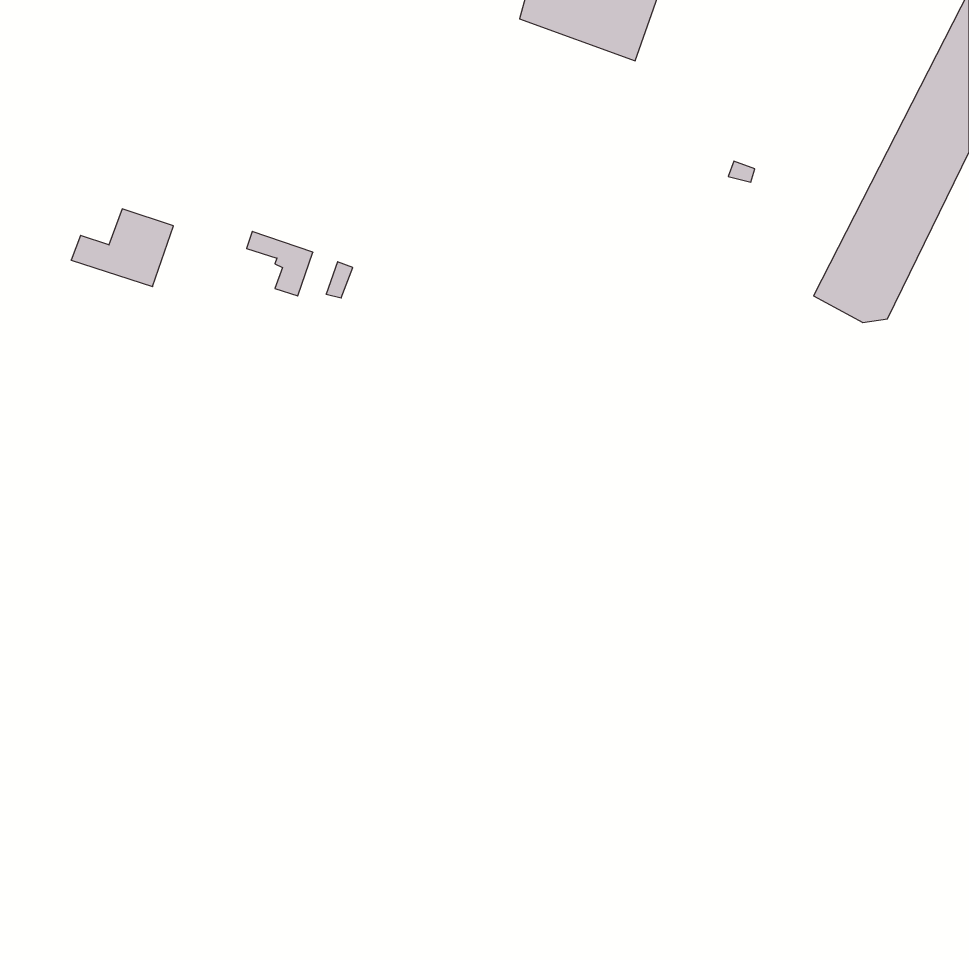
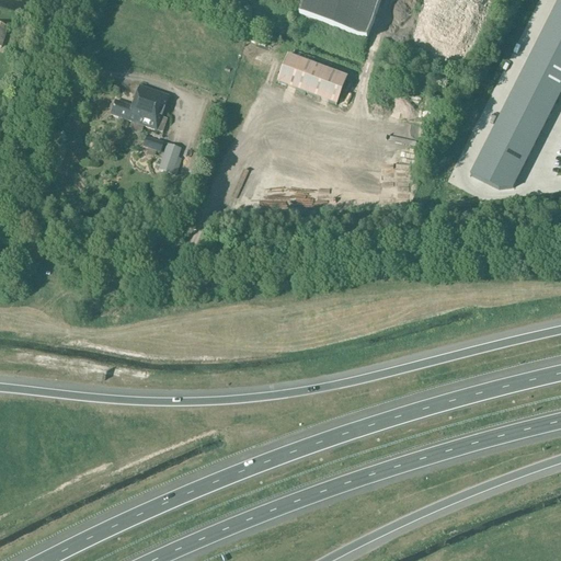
building: none -> [277,50,347,101]
building: [71,209,173,287] -> [110,82,169,127]

